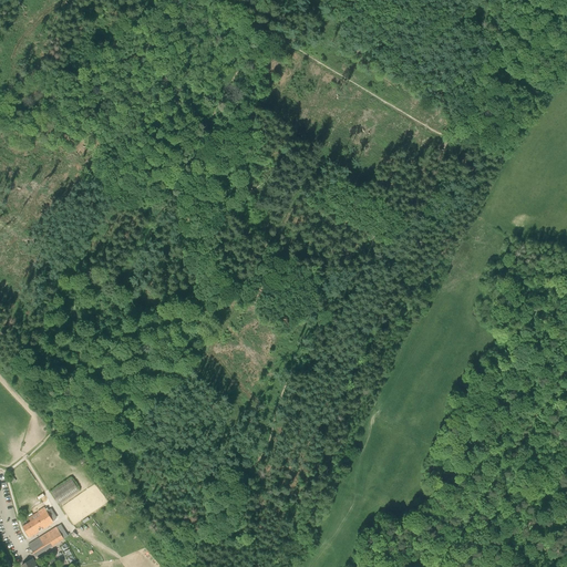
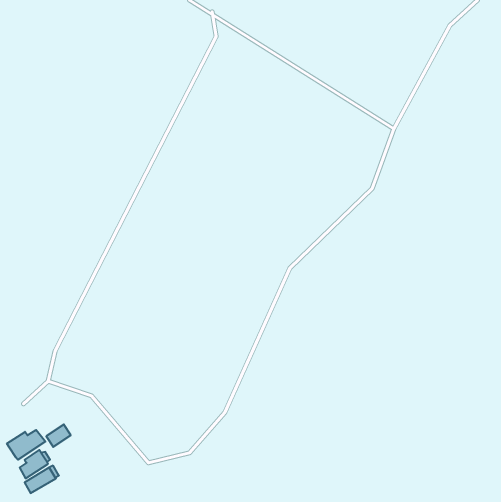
building: none -> [7,430,45,460]

